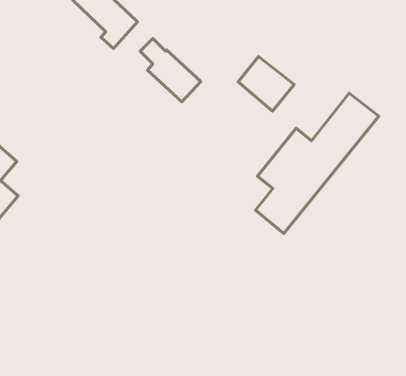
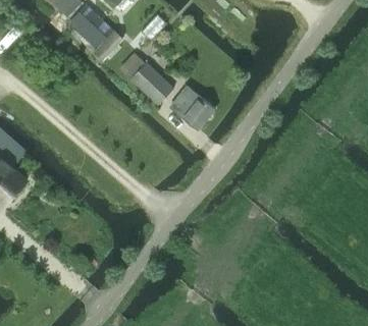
building: [238,56,294,111] -> [170,86,215,129]
building: [255,93,379,234] -> none

